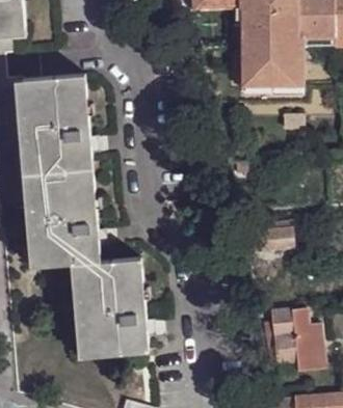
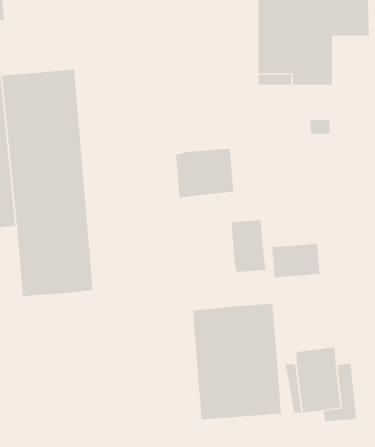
building: none -> [175,148,234,199]
building: none -> [231,220,266,273]
building: [73,257,149,356] -> [192,303,282,420]

